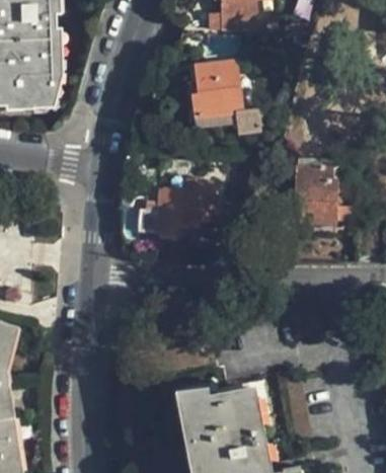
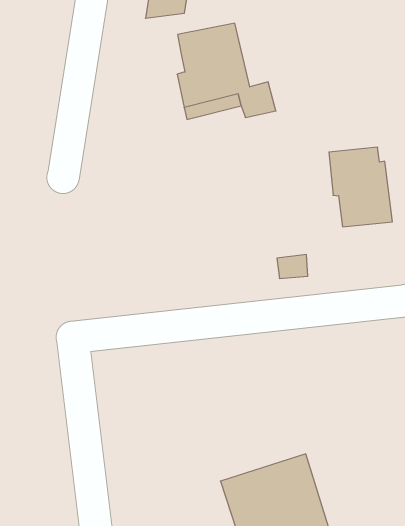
building: [123,189,220,235] -> none

